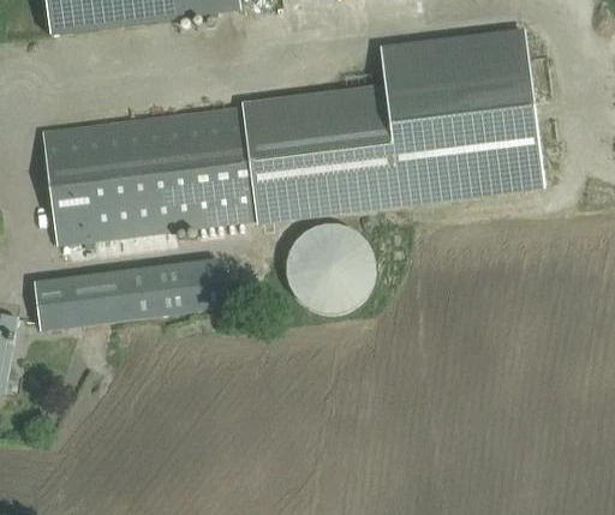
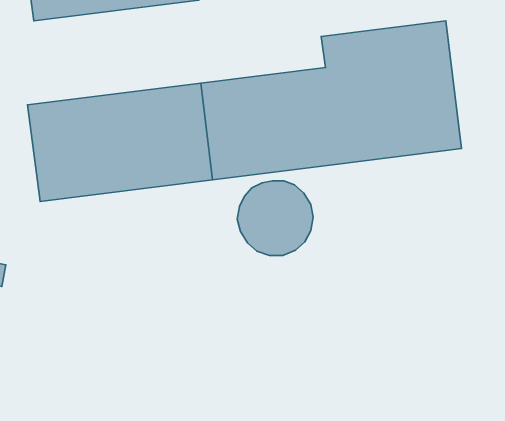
building: [35,259,227,330] -> none

